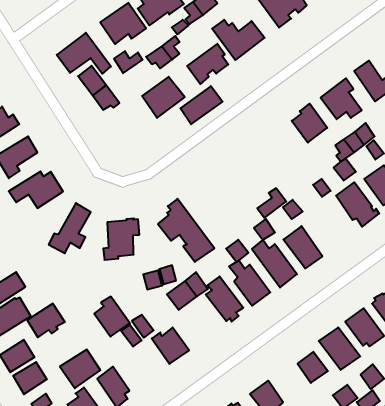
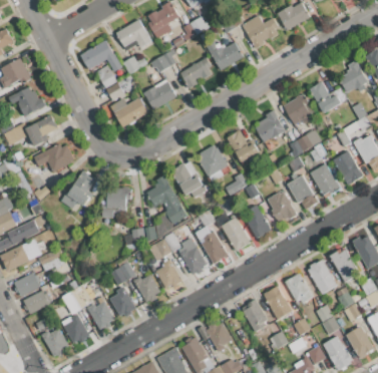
building: [180,86,223,124] -> [115,98,148,126]
building: none -> [227,130,260,161]
building: none -> [198,146,229,181]
building: none -> [170,160,207,198]
building: none -> [268,192,298,223]
building: [94,297,130,337] -> [109,287,136,318]
building: none -> [155,259,181,288]

